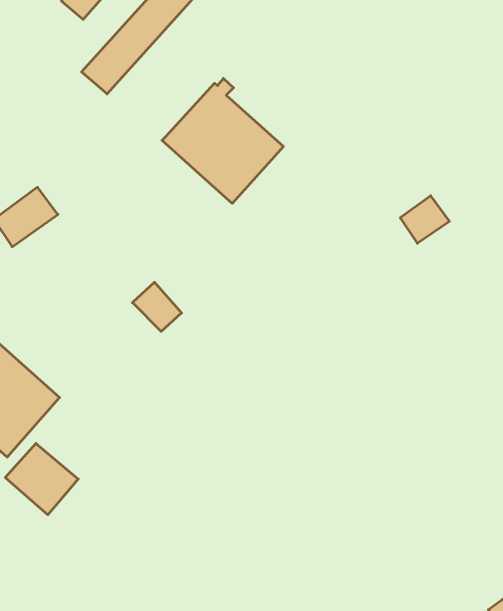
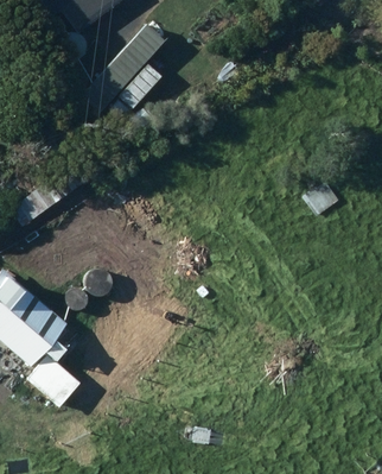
building: [162,78,283,203] -> none

